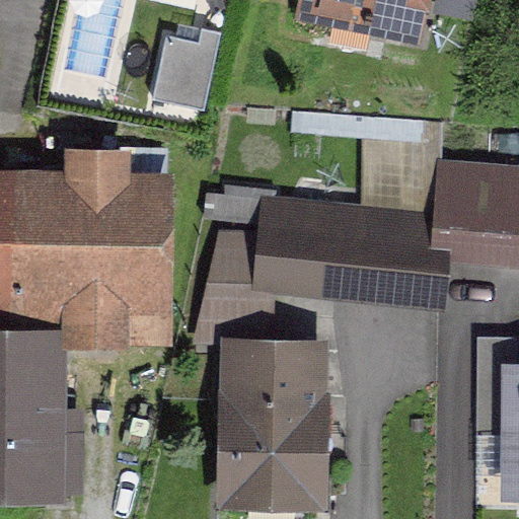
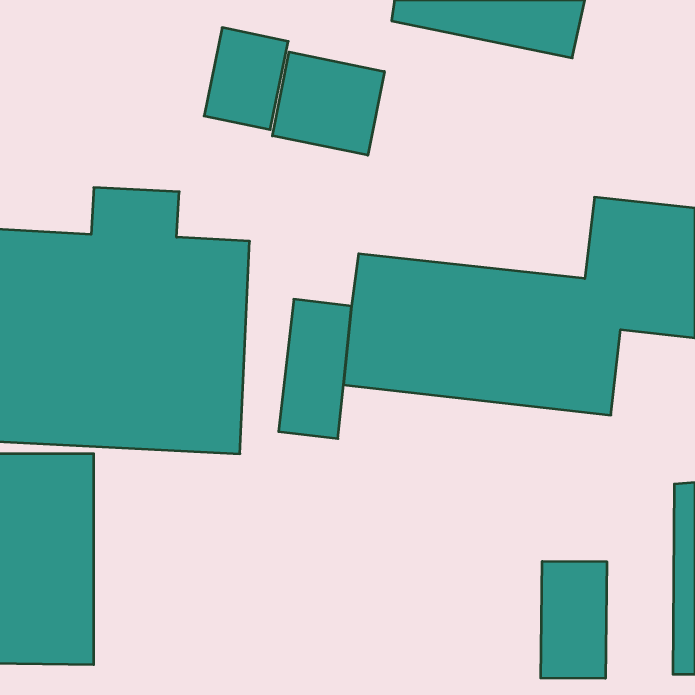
building: none -> [272,52,384,155]
building: [224,340,330,514] -> none
building: none -> [541,561,607,678]

